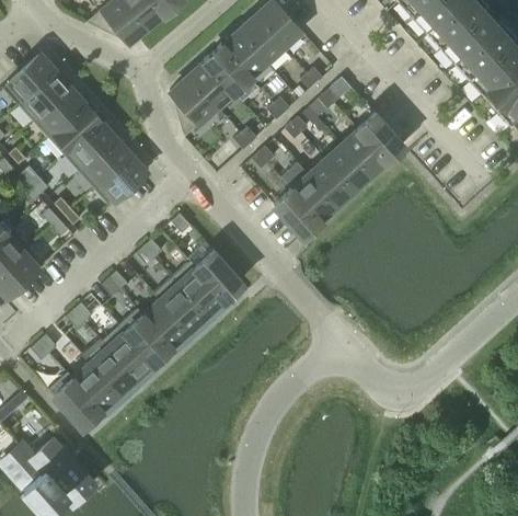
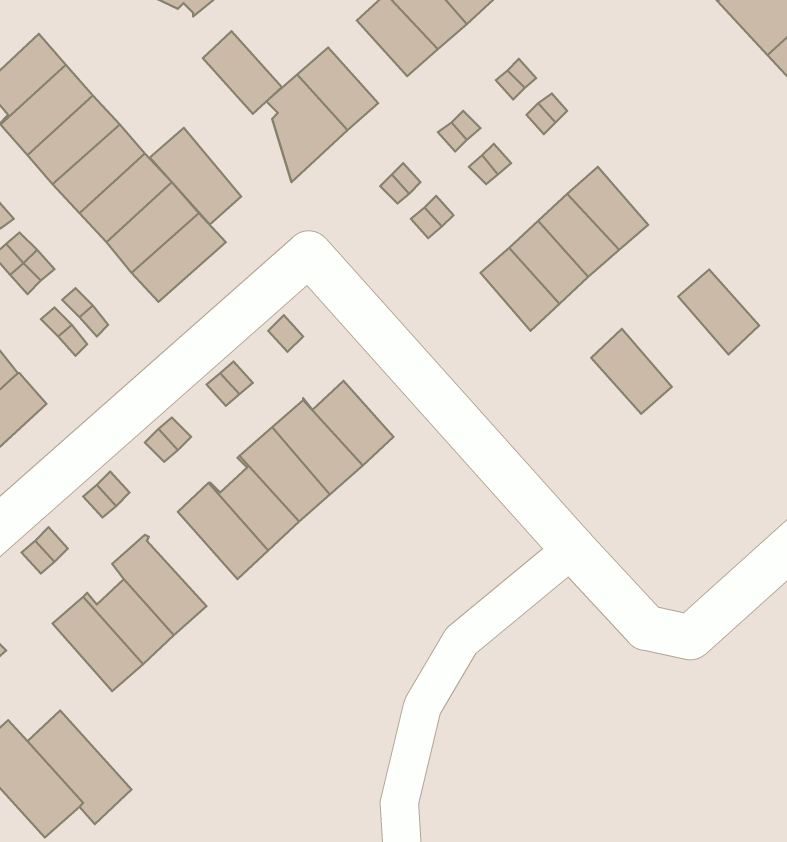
building: [206,45,251,92] -> [203,31,282,114]
building: none -> [150,128,241,224]
building: [359,113,405,161] -> [678,270,759,354]
building: [275,188,321,237] -> [591,329,672,414]
building: [103,324,154,378] -> none

